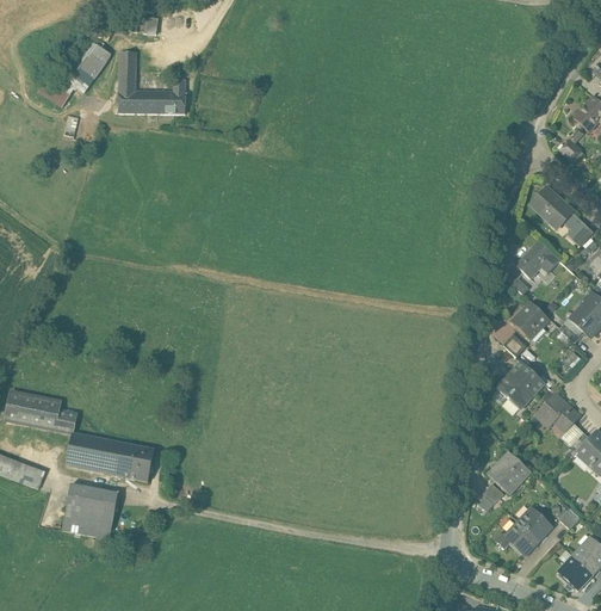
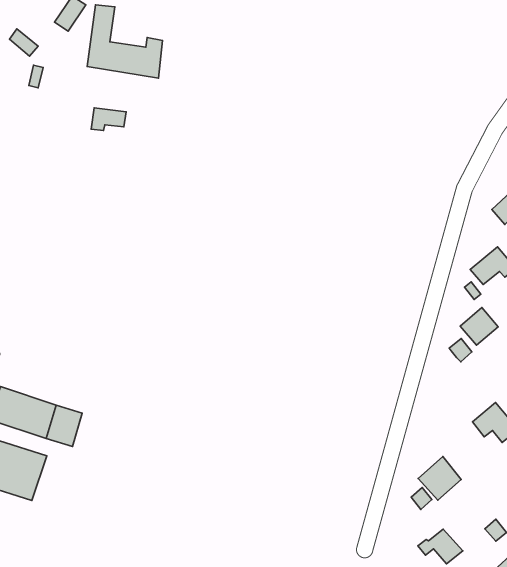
building: none -> [91,108,126,131]
building: [496,363,541,408] -> none
building: [516,507,551,541] -> none

